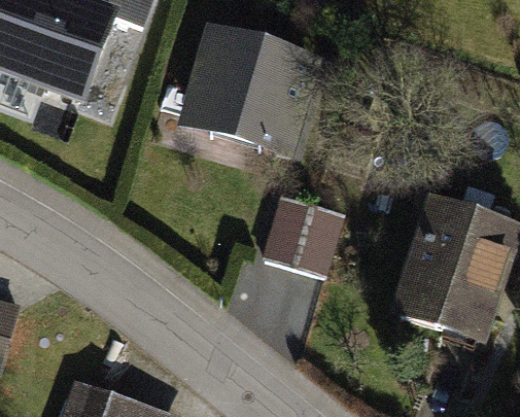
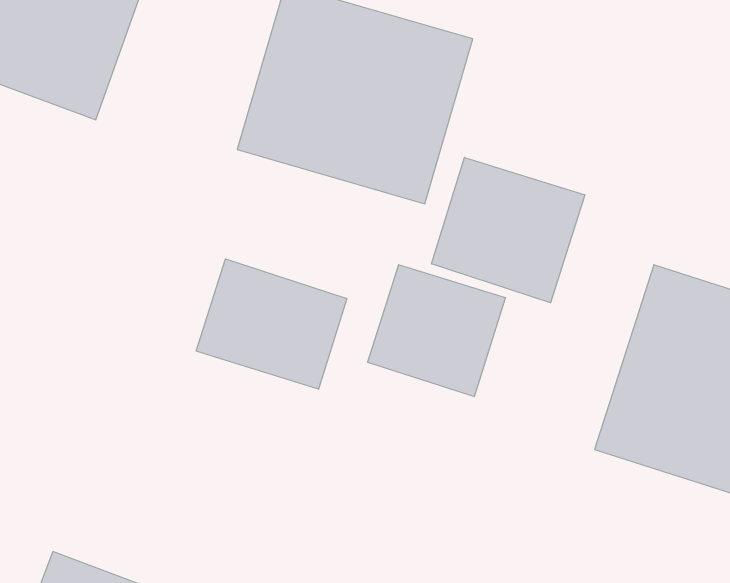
building: none -> [431,157,585,303]
building: none -> [196,259,347,389]

